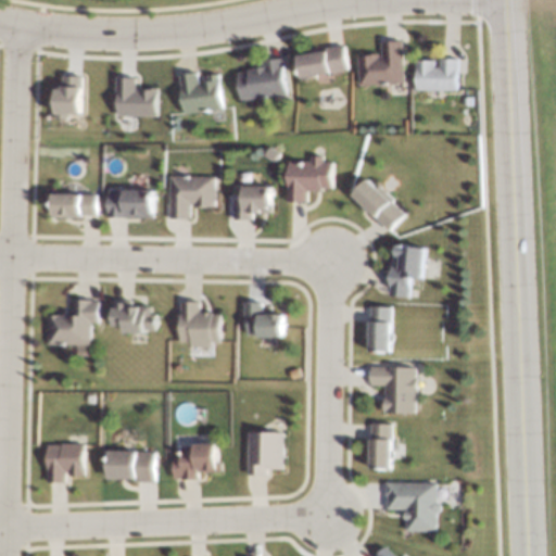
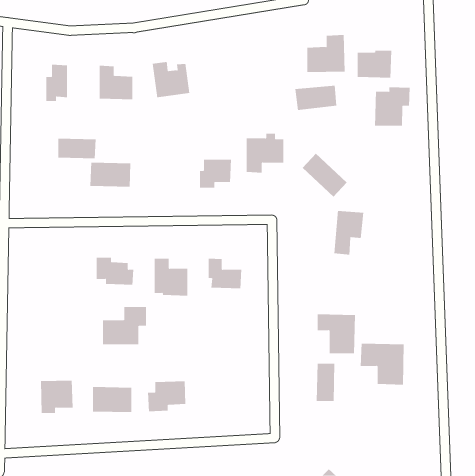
building: [296,48,346,77] -> [294,85,337,110]
building: [236,58,286,101] -> none
building: none -> [375,86,410,126]
building: [168,176,214,218] -> none
building: [51,193,97,217] -> [57,138,97,159]
building: [47,300,99,344] -> [102,307,147,345]
building: [368,306,390,351] -> none
building: [245,431,282,476] -> none
building: [384,482,437,531] -> [360,343,405,385]

